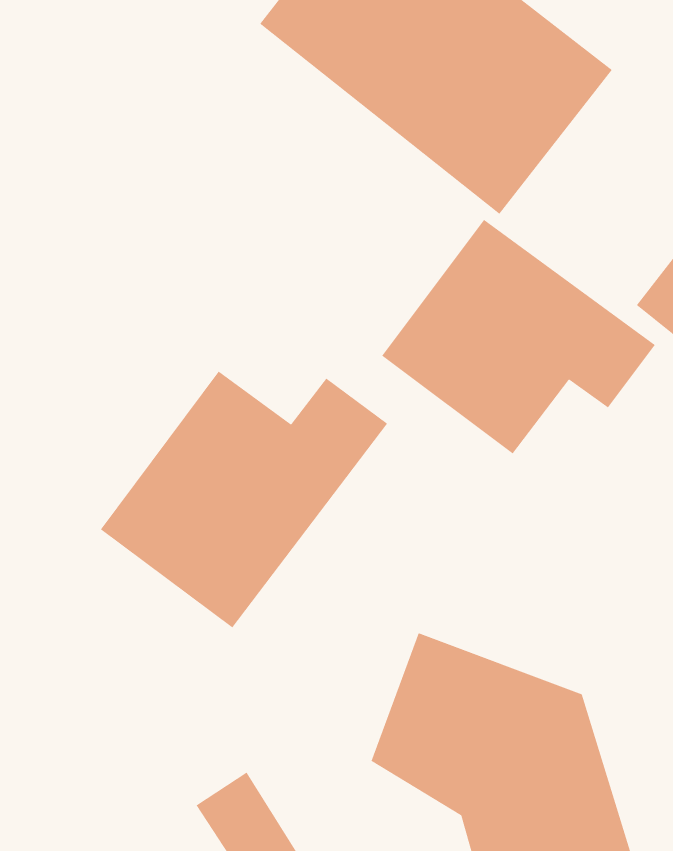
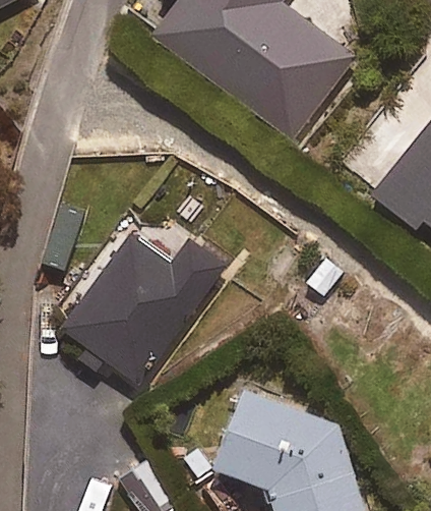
building: [381,219,656,455] -> none

